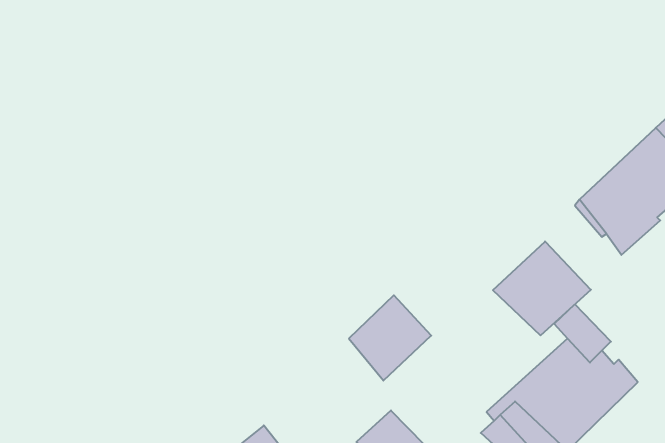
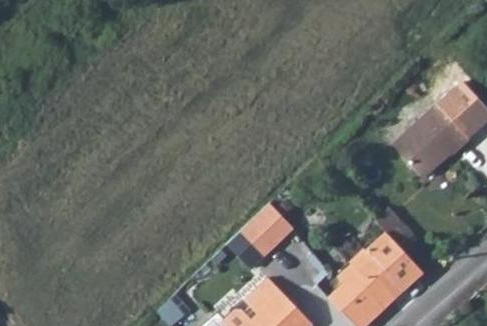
building: [493,241,591,335] -> none

